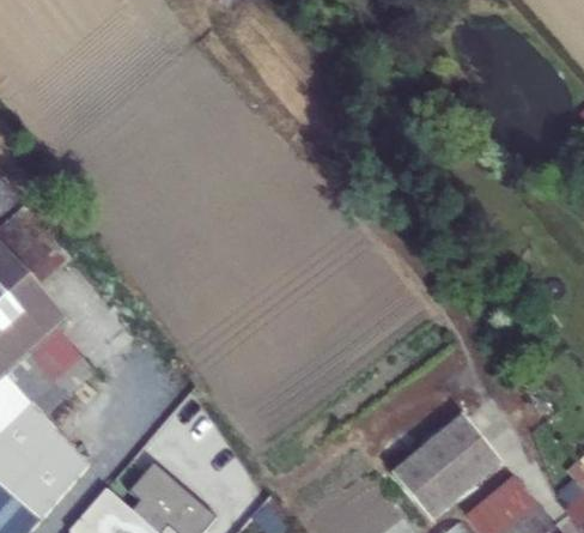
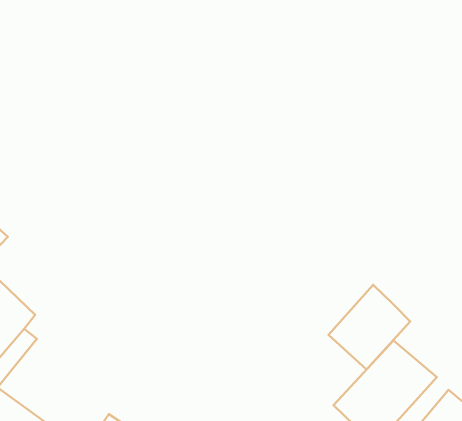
building: none -> [329,285,410,369]

